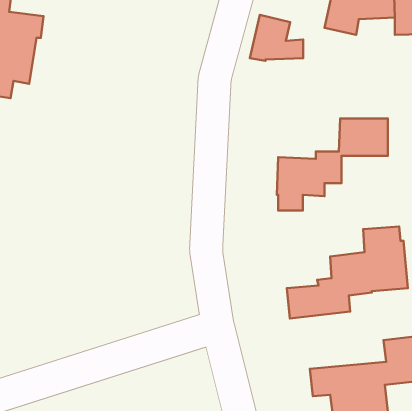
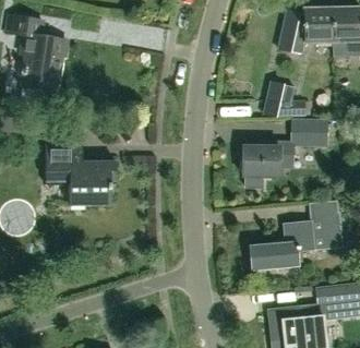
building: [250,15,303,61] -> [264,82,304,117]
building: none -> [46,140,117,204]

